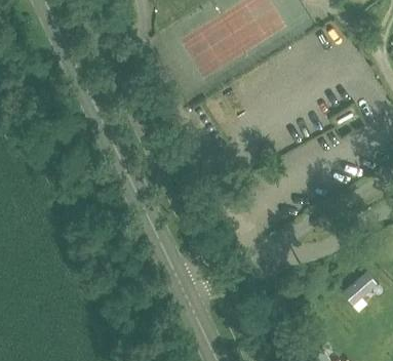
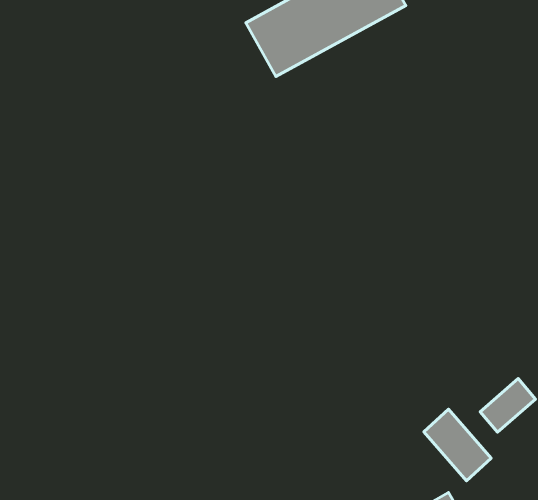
building: none -> [424,409,491,481]

